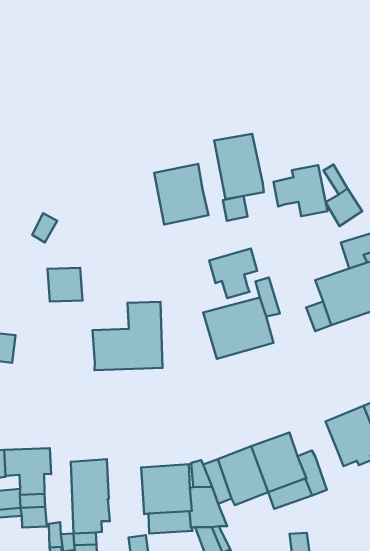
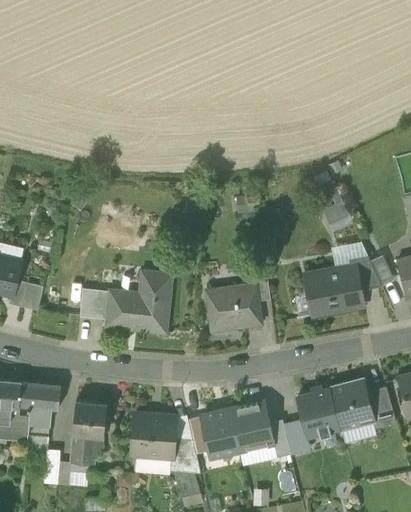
building: [214,134,264,199] -> none
building: [154,164,208,224] -> none
building: [273,165,327,216] -> none
building: [209,248,257,298] -> none
building: [47,268,83,302] -> [80,288,110,319]
building: none -> [284,420,311,454]

